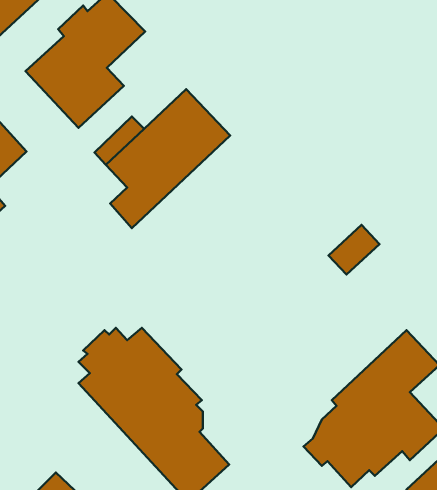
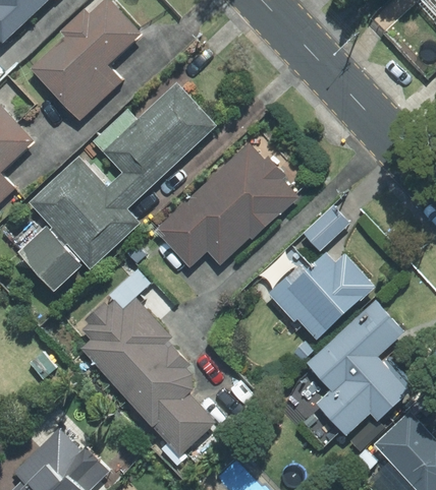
building: none -> [155,143,296,268]
building: none -> [17,156,140,292]
building: none -> [269,253,374,340]

